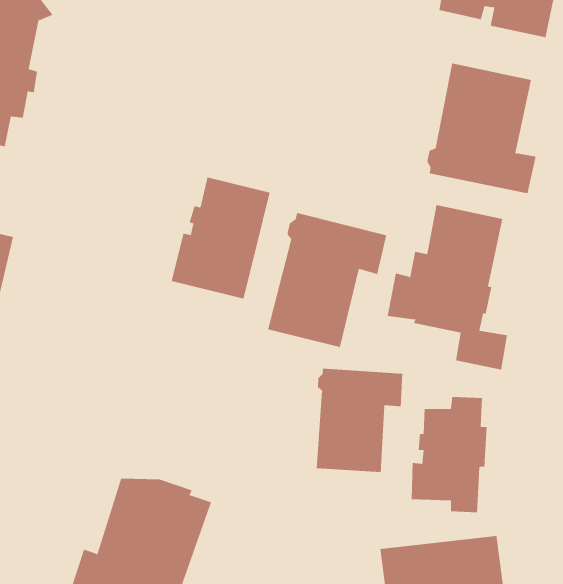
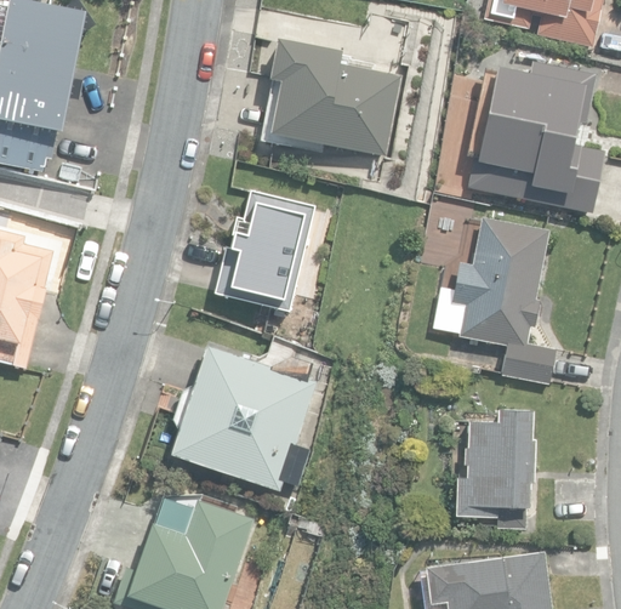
building: none -> [258,35,404,158]
building: [267,212,387,348] -> none
building: none -> [170,345,319,490]
building: [316,368,403,473] -> none

